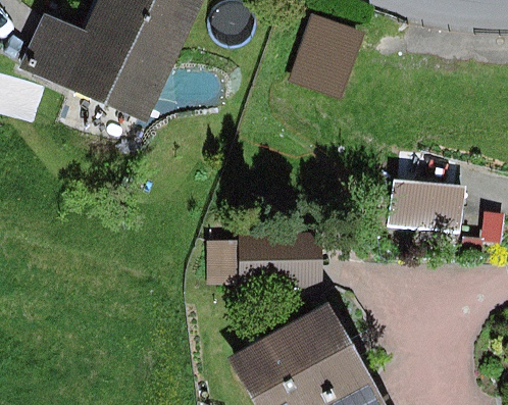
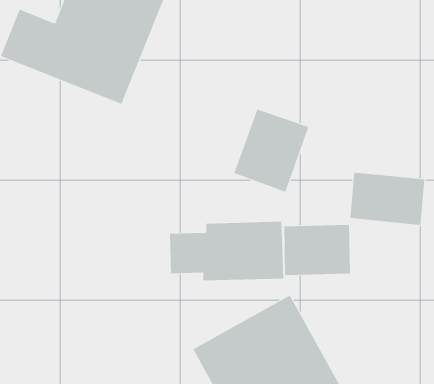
building: [286,16,362,101] -> [234,109,309,192]
building: none -> [284,224,350,276]

